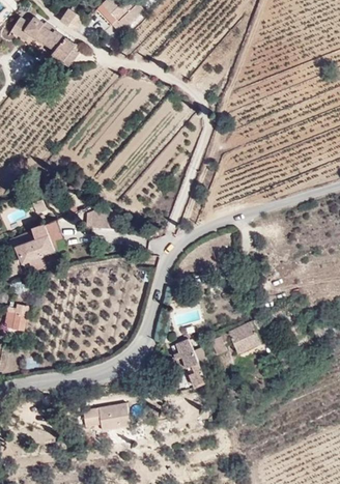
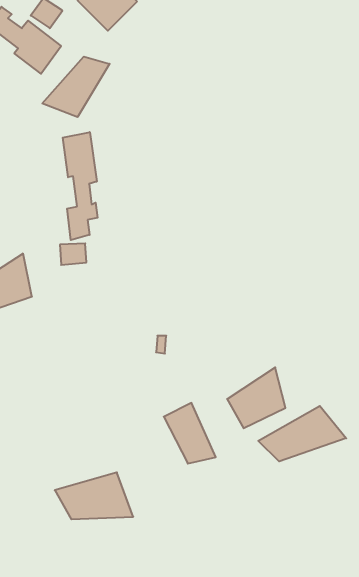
building: none -> [42,57,110,117]
building: none -> [63,132,98,240]
building: none -> [258,406,346,461]

